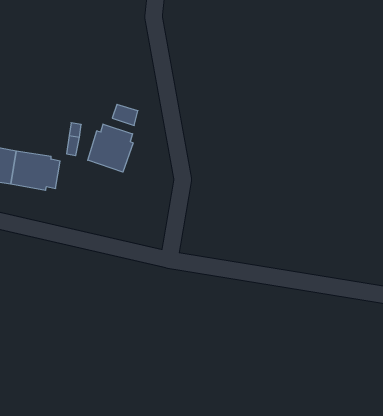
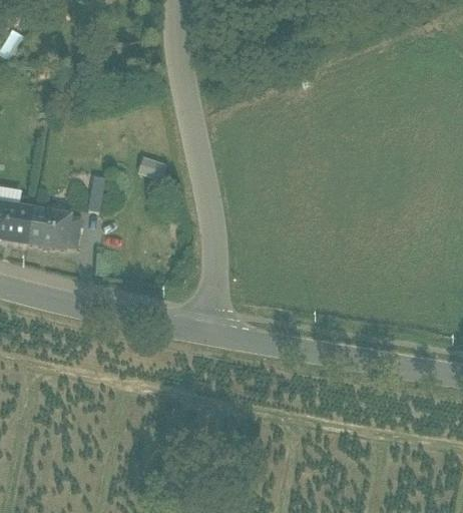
building: [88,124,133,172] -> none

